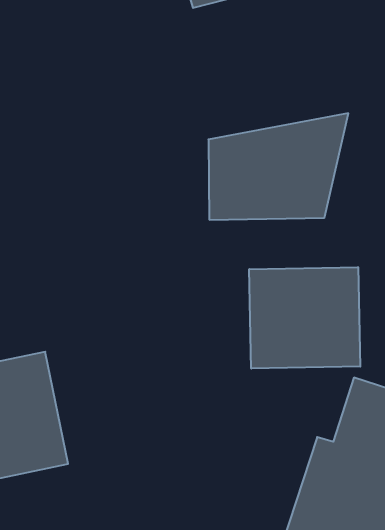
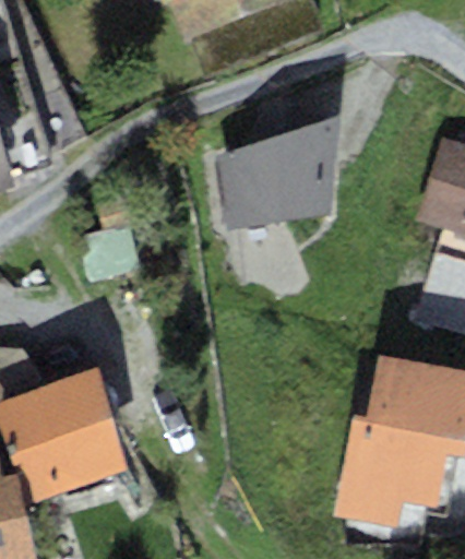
building: [249,267,360,369] -> none

